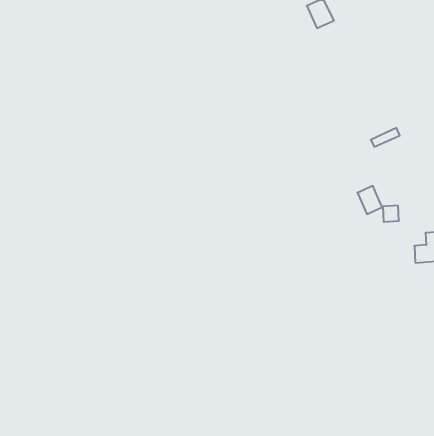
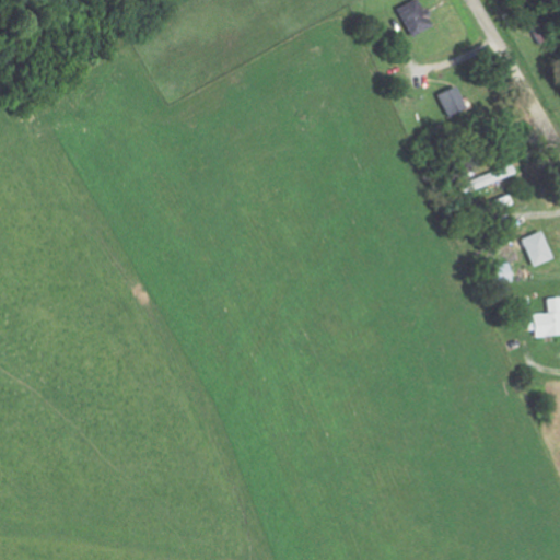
building: none -> [436,85,466,117]
building: [357,186,382,214] -> [522,231,553,267]

